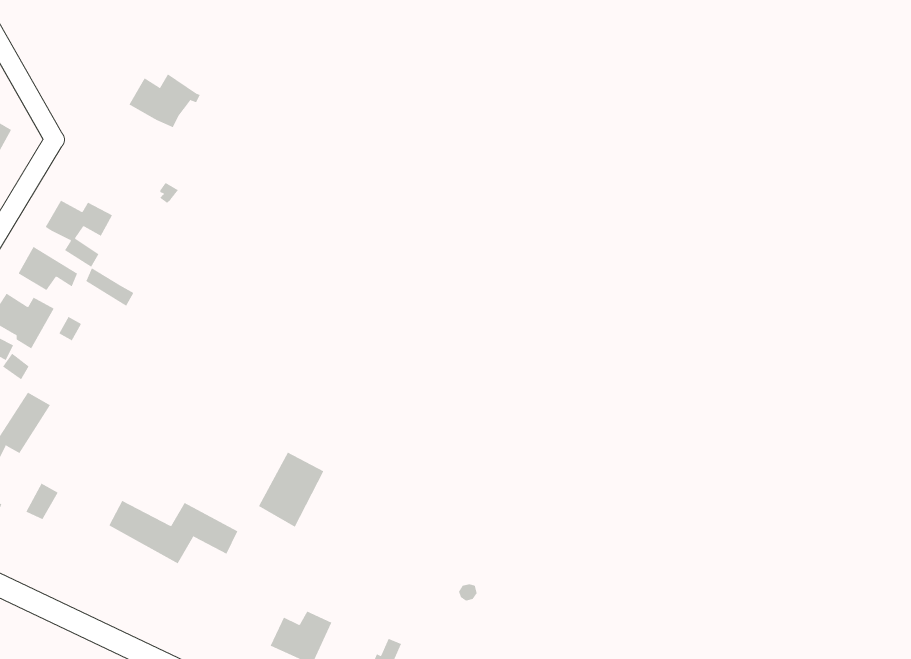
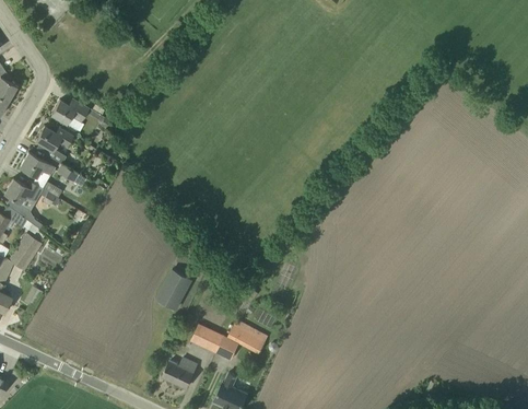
building: [129,74,200,128] -> [50,97,91,128]
building: [108,500,238,564] -> [191,324,265,360]

